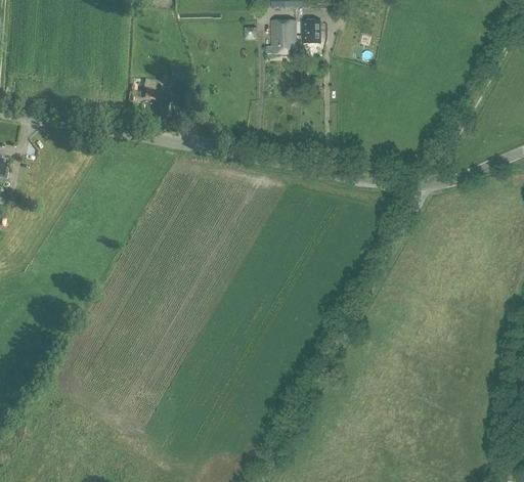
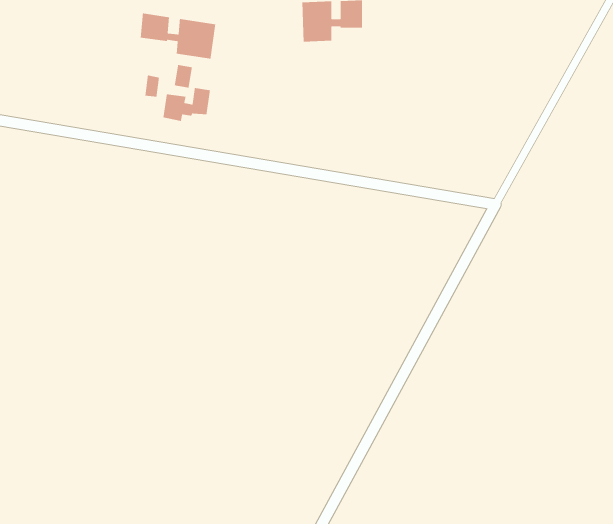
building: none -> [140,12,216,60]

